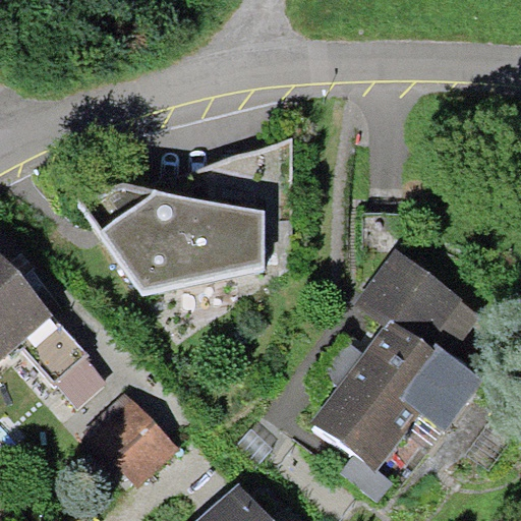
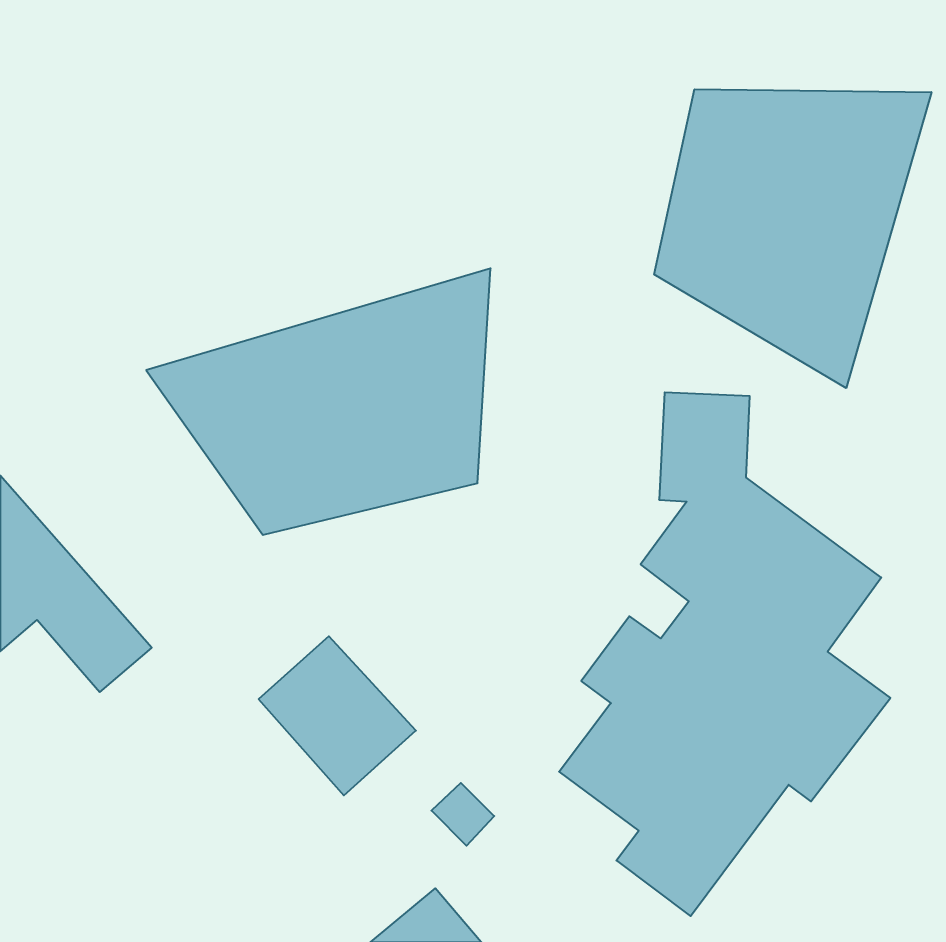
building: none -> [654,89,931,388]
building: [90,399,176,486] -> [259,636,416,795]

